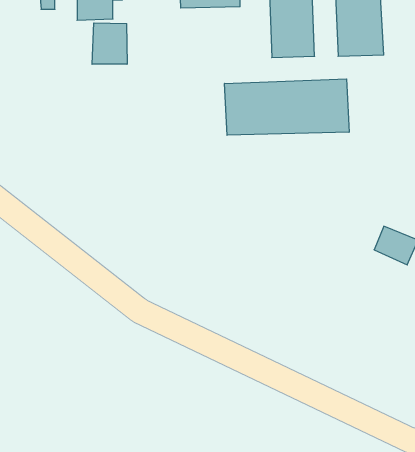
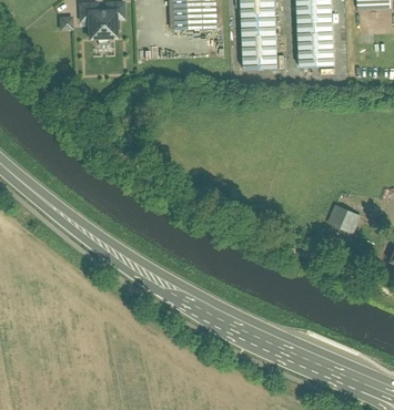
building: [92,23,127,64] -> none
building: [225,79,349,135] -> none

